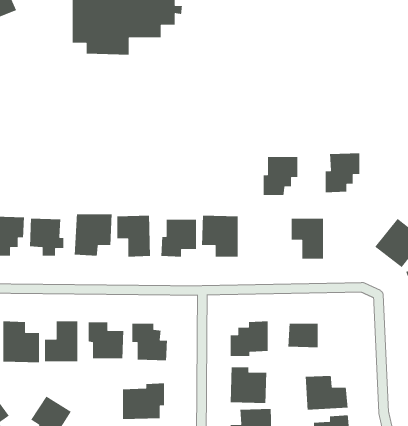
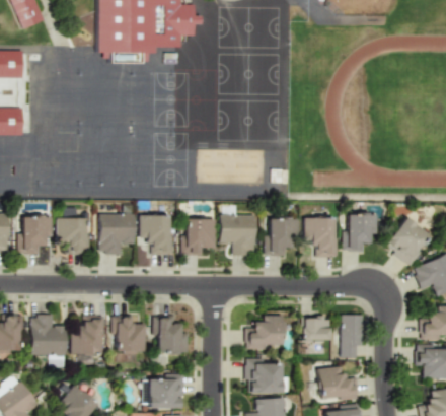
building: [325,152,360,193] -> [344,213,377,252]
building: [263,156,298,196] -> [266,218,299,256]
building: none -> [343,315,365,357]

